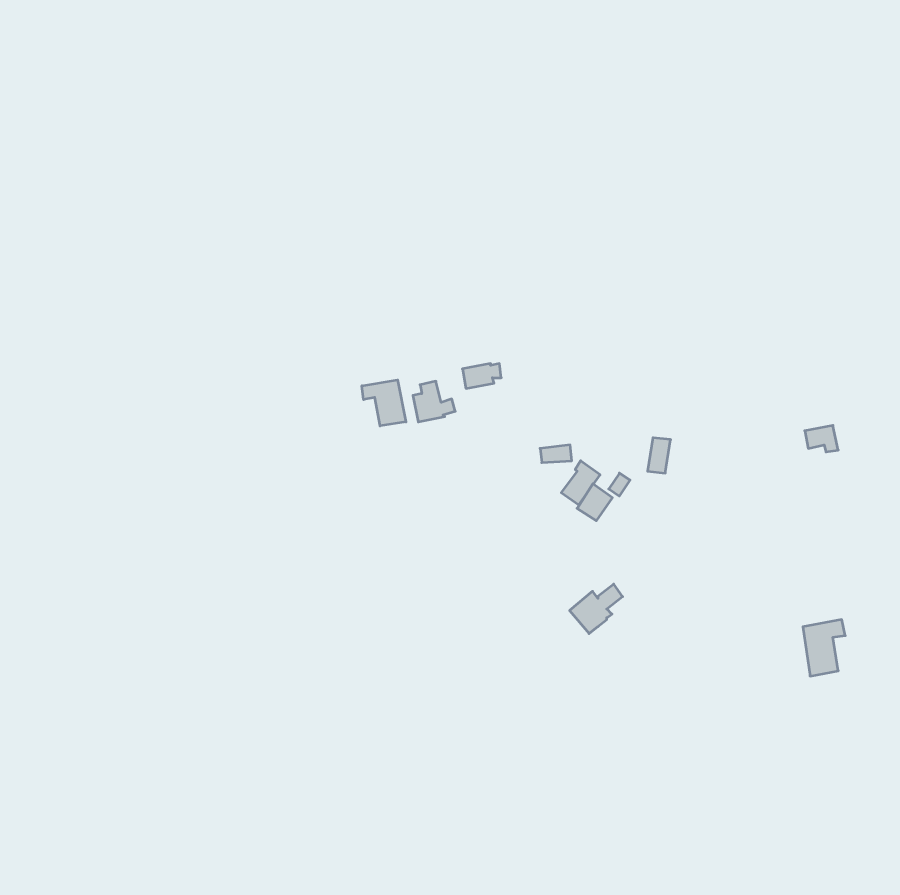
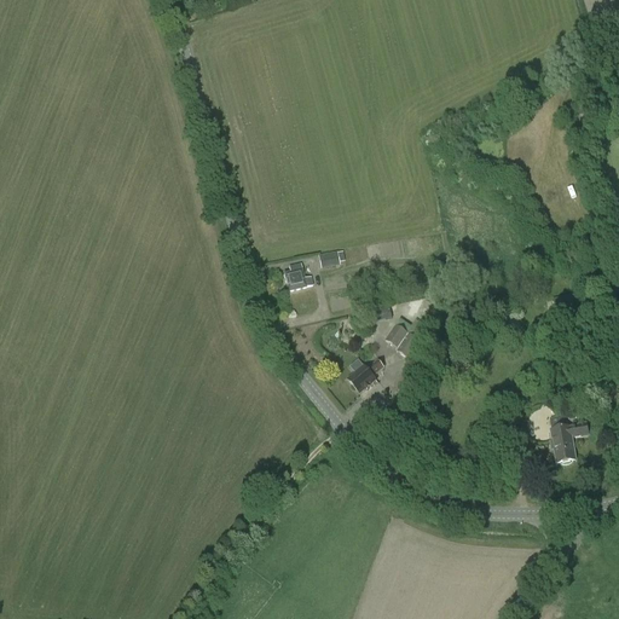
building: [362,380,406,426] -> none
building: [570,584,623,634] -> [347,357,383,391]

